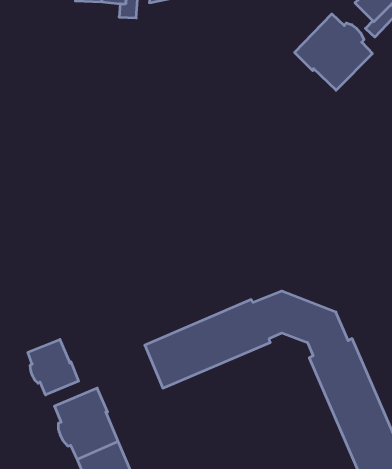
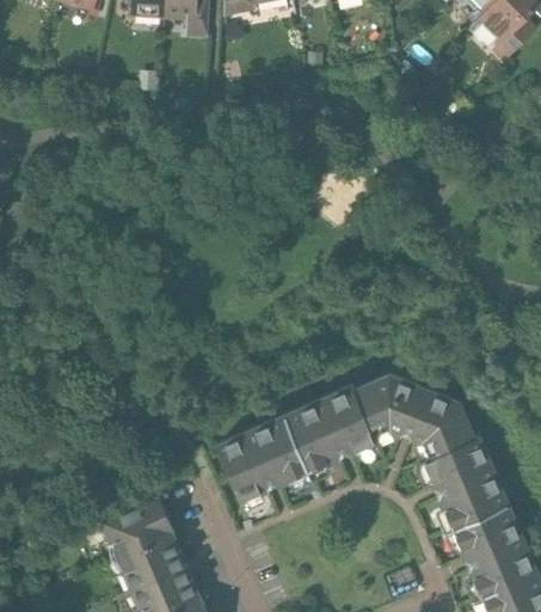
building: [295,14,372,90] -> none
building: [28,339,79,395] -> none

